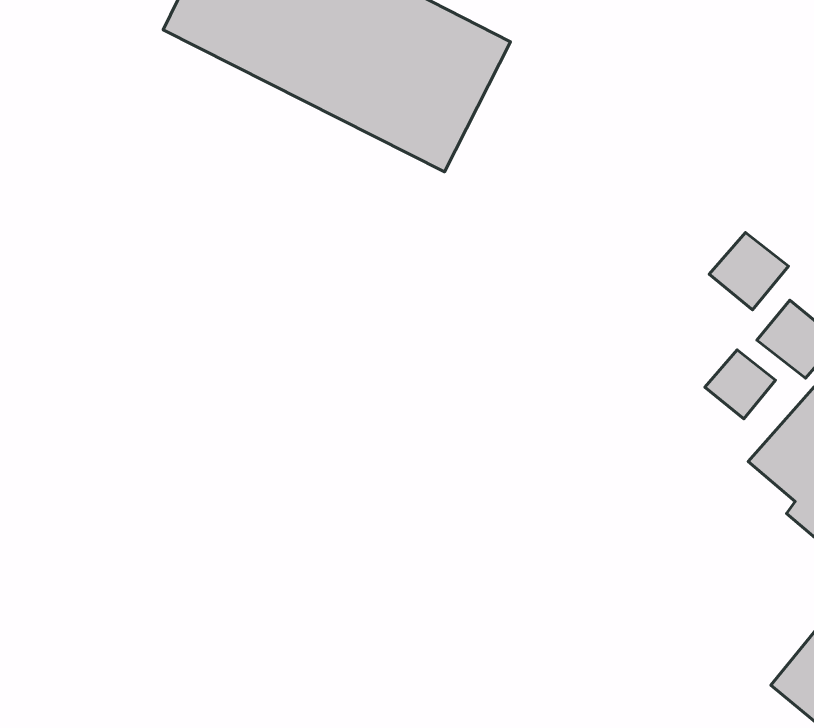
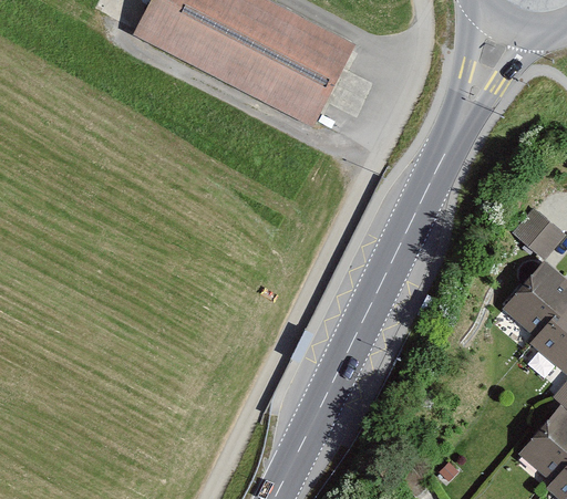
building: [709,232,788,310] -> none
building: [705,350,776,419] -> none

